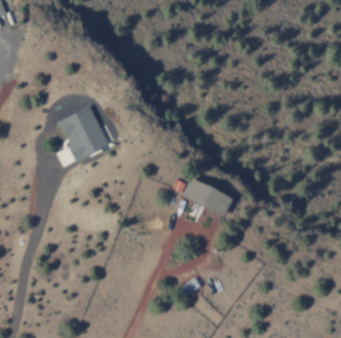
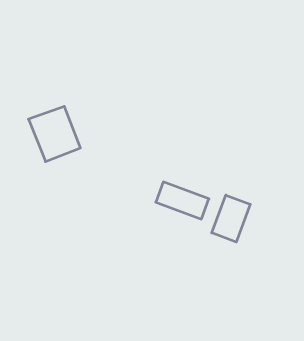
building: none -> [212,195,250,242]

